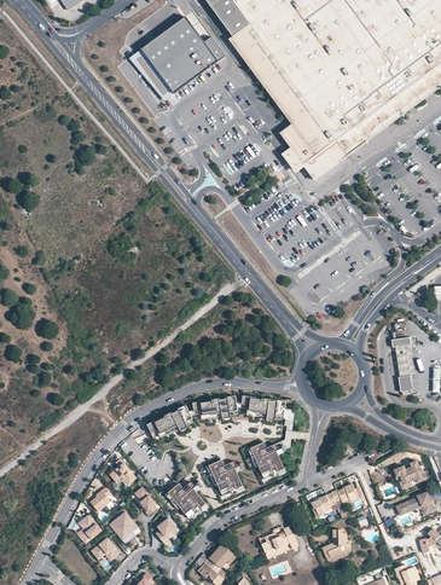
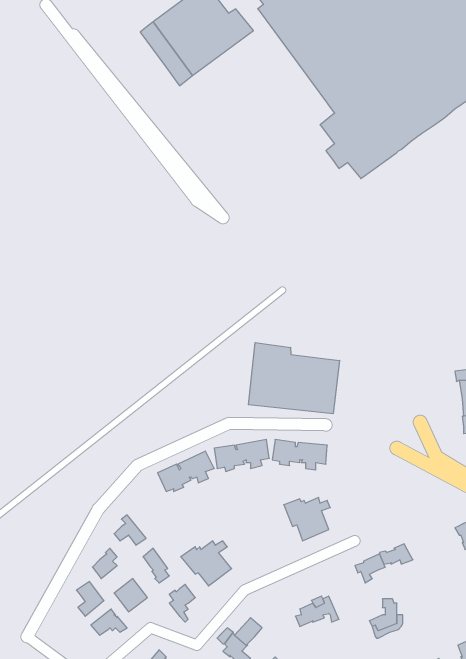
building: none -> [248,343,340,414]
building: [207,461,245,496] -> none

